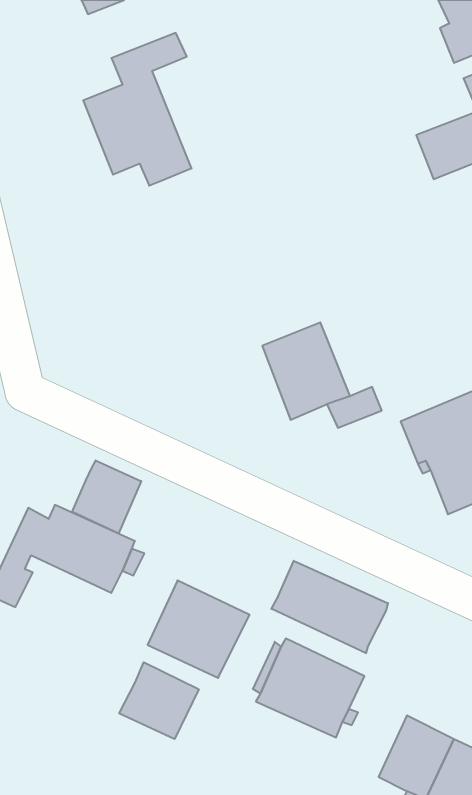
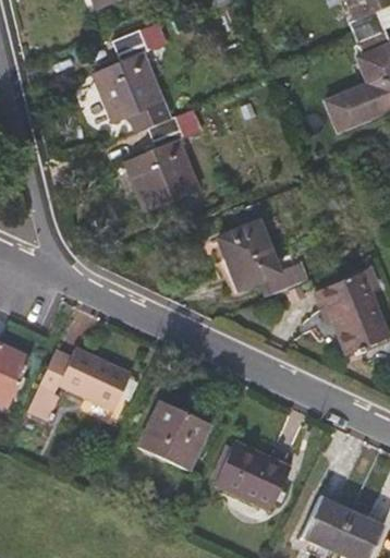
building: none -> [129,107,204,207]
building: [72,460,141,534] -> none
building: [271,561,388,653] -> none
building: [119,662,199,739] -> none

